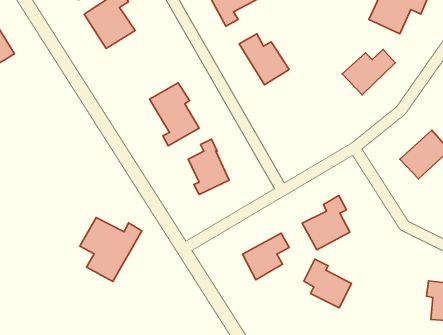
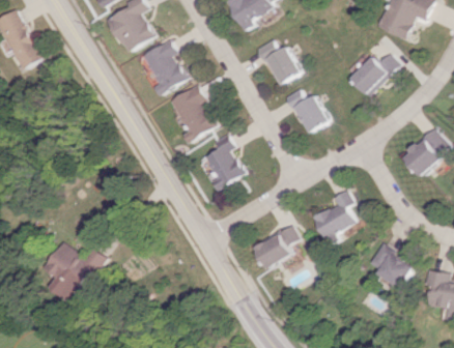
building: none -> [141,38,186,95]
building: none -> [286,88,328,133]
building: [80,217,142,282] -> [46,241,104,301]
building: [304,259,351,308] -> [372,242,417,288]

